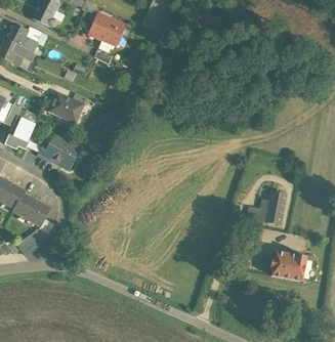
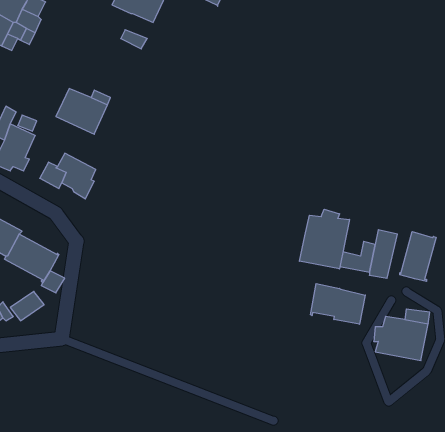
building: none -> [299,209,349,269]
building: none -> [400,232,436,281]
building: none -> [311,284,365,324]

